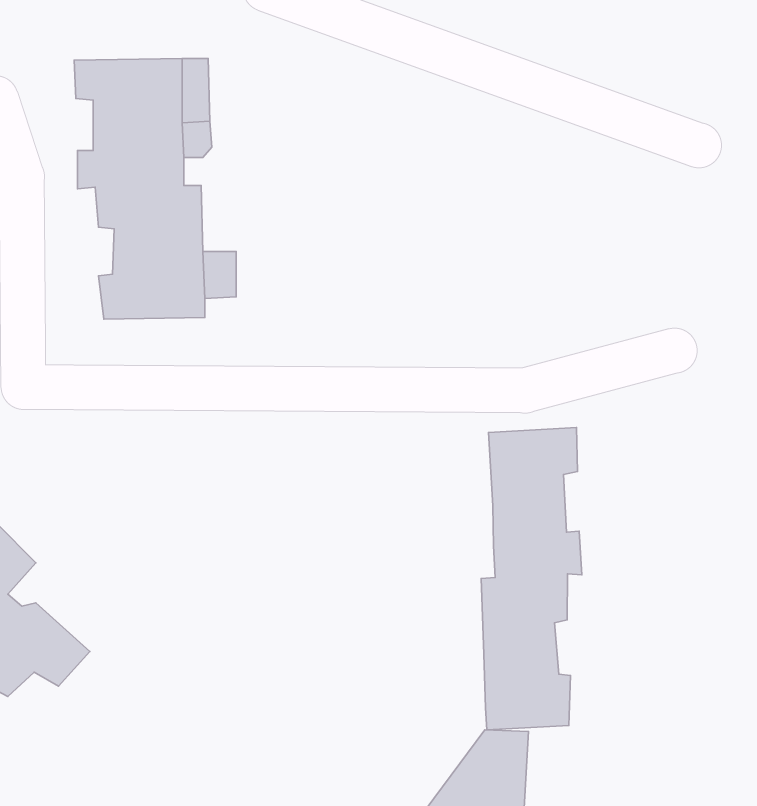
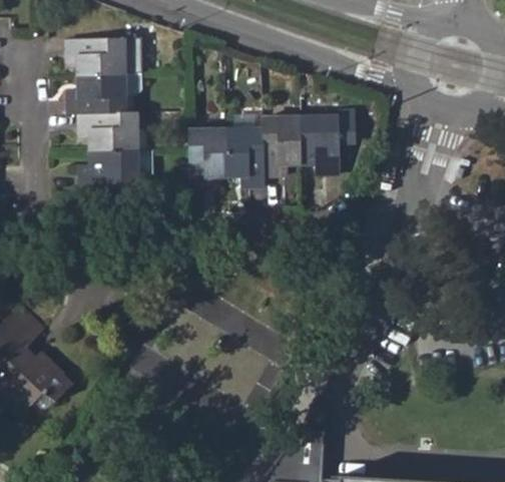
building: none -> [188,118,339,188]
building: [481,428,582,730] -> none

